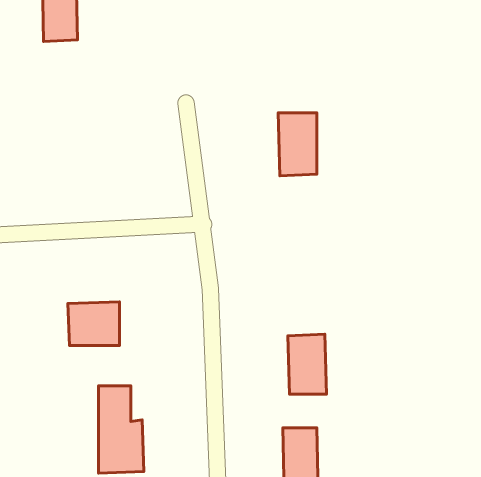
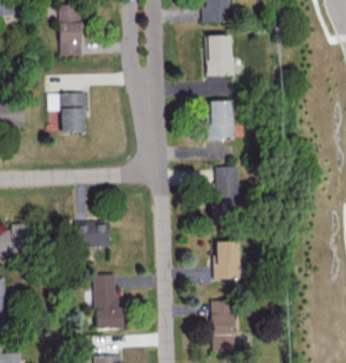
building: none -> [207,36,232,76]
building: none -> [48,93,87,134]
building: none -> [214,167,239,215]

